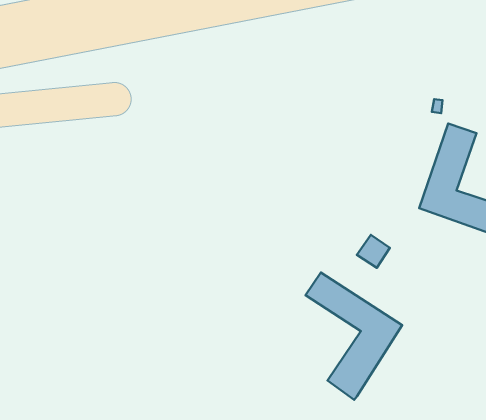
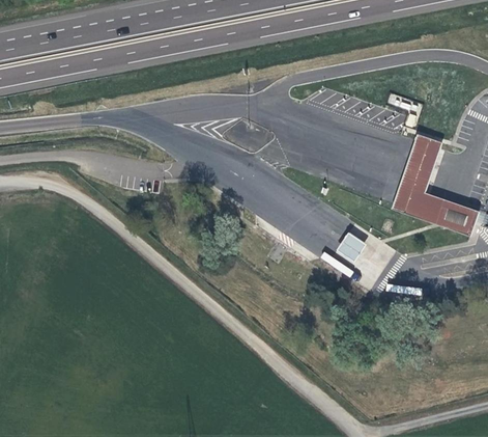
building: [306,272,402,400] -> none

